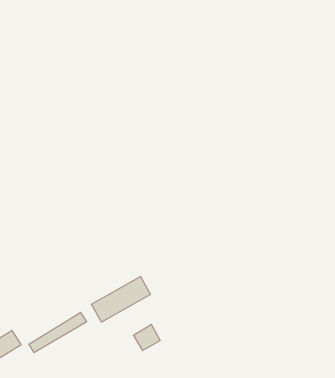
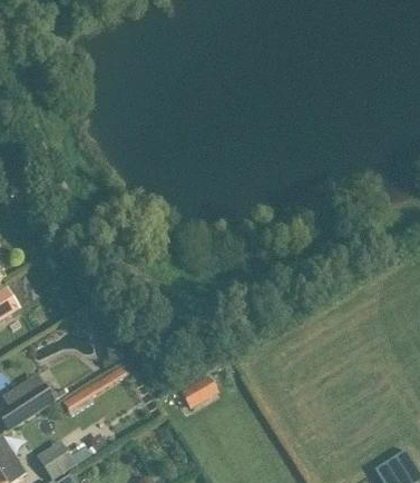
building: [92,276,150,322] -> none

